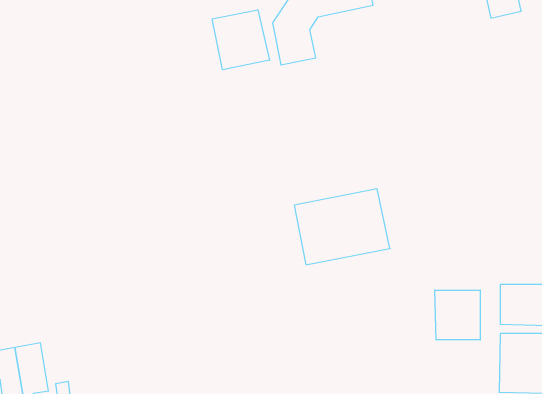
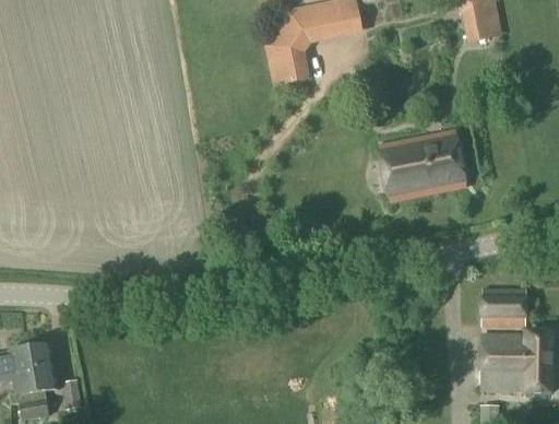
building: [212,10,269,70] -> none
building: [294,189,390,265] -> [377,132,466,203]
building: [435,290,480,340] -> none

